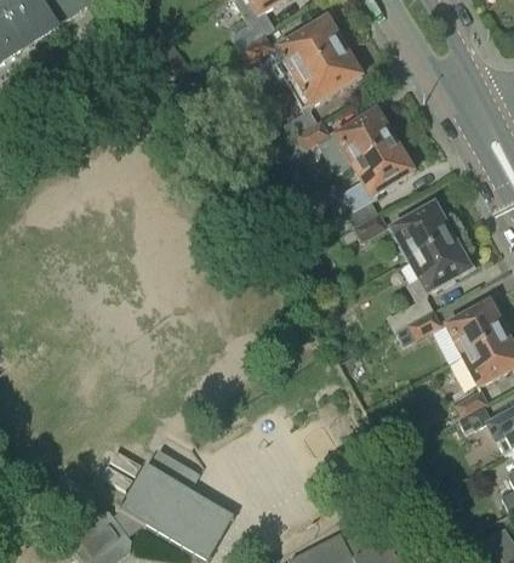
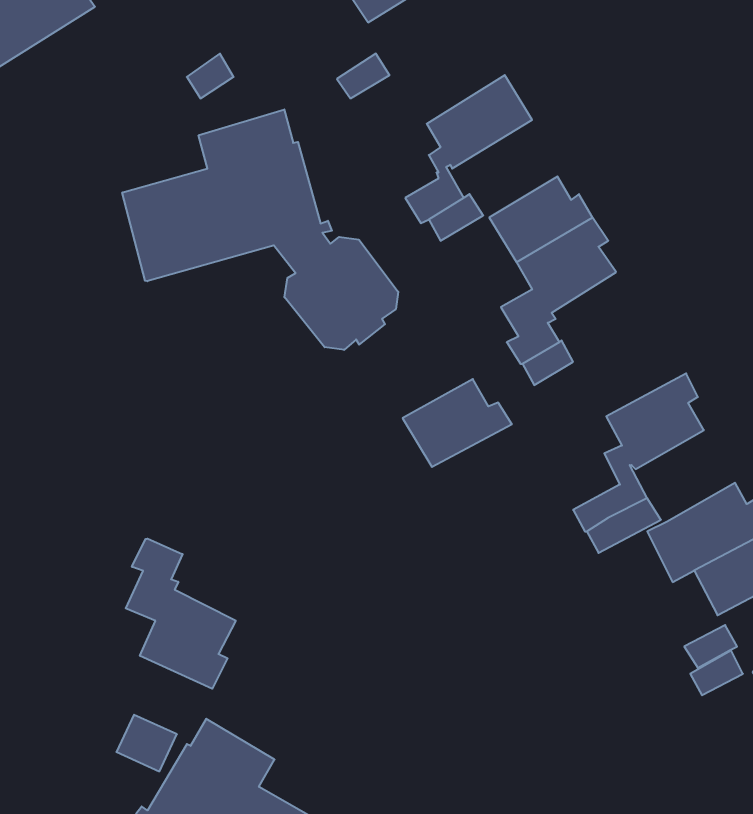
building: [270,18,343,78] -> none
building: none -> [122,109,398,350]
building: [388,205,456,260] -> [403,379,512,467]
building: none -> [126,539,236,689]

